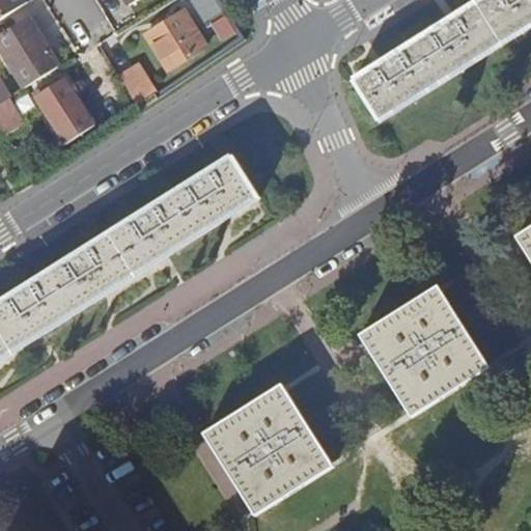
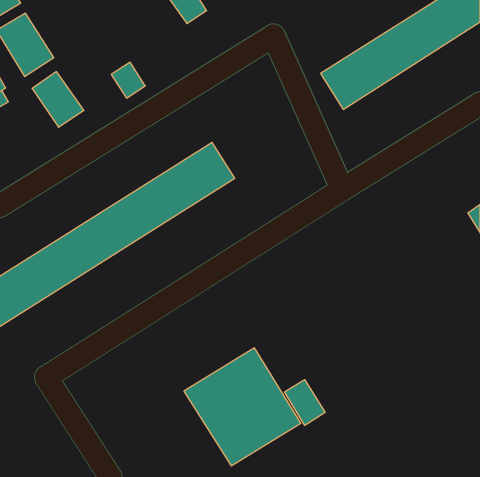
building: [145,8,203,67] -> none
building: [358,284,487,416] -> none
building: none -> [285,380,325,425]

